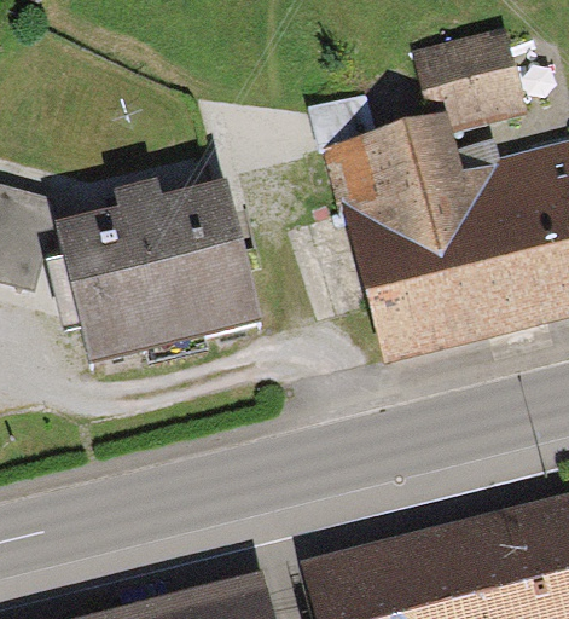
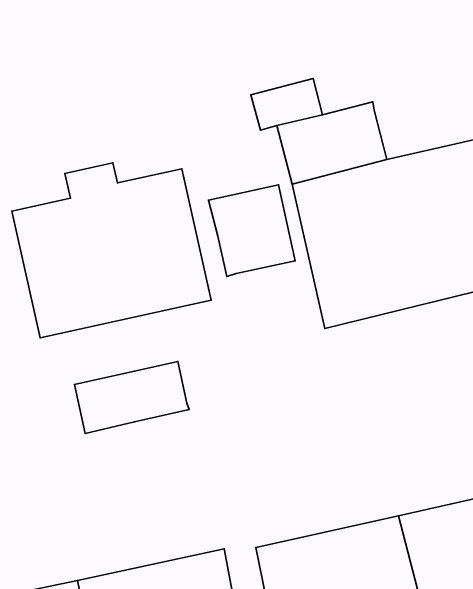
building: [413,29,521,122] -> none
building: none -> [208,185,295,276]
building: none -> [75,362,189,434]

